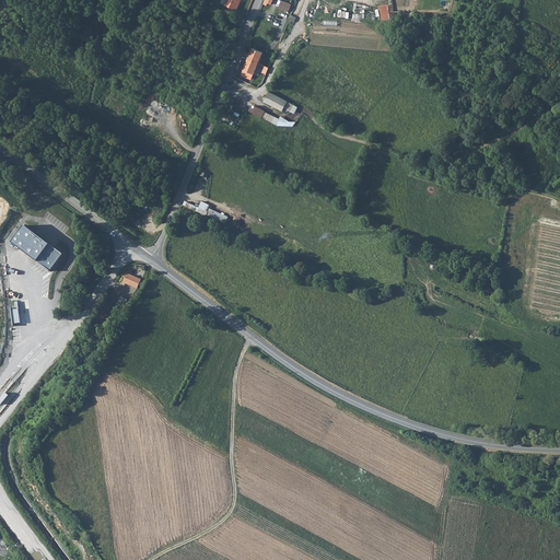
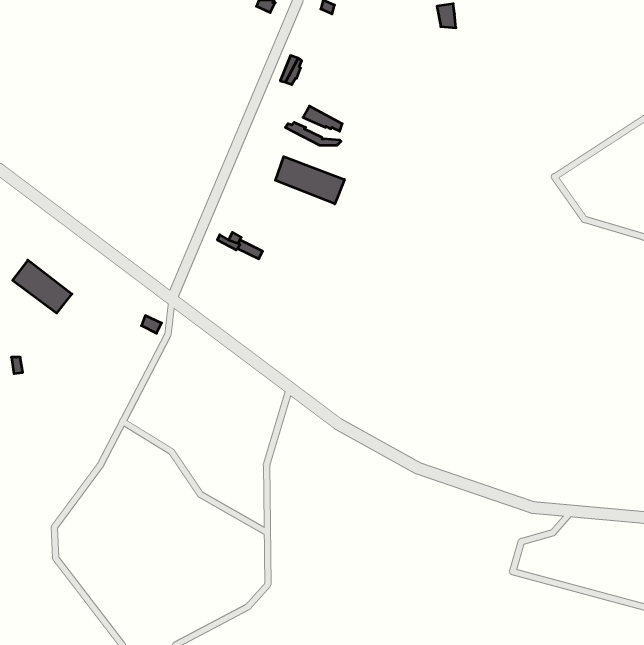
building: none -> [275,157,344,204]

